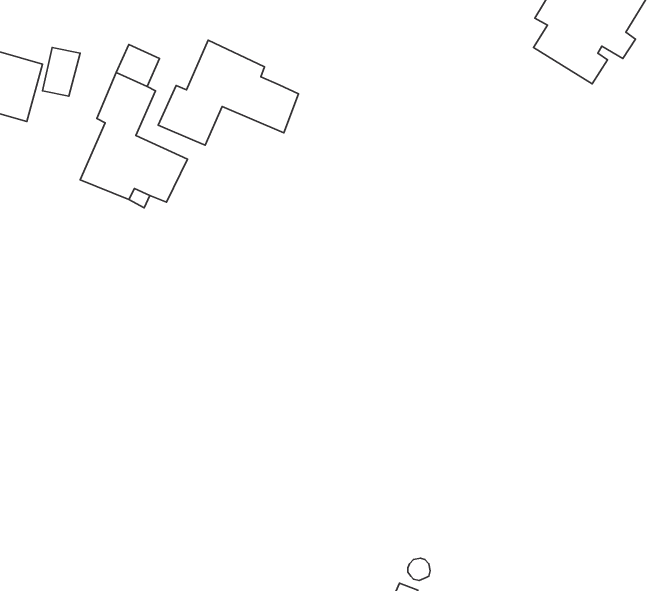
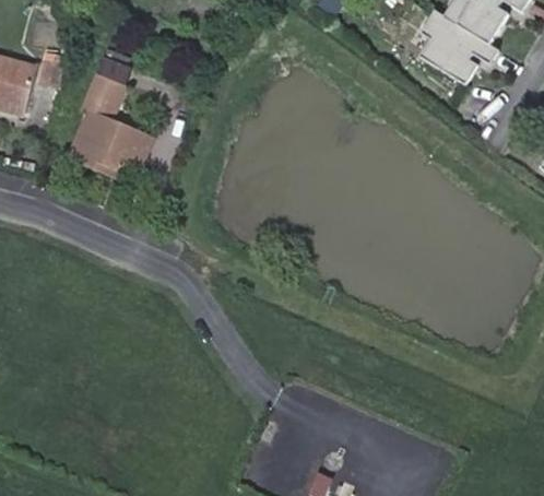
building: [158,40,299,145] -> none

